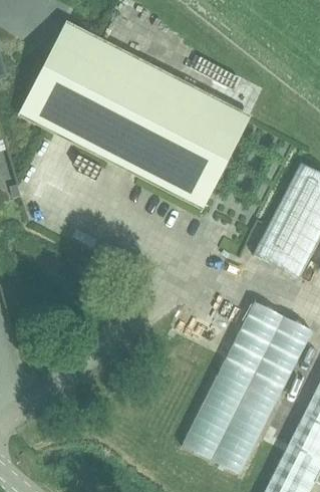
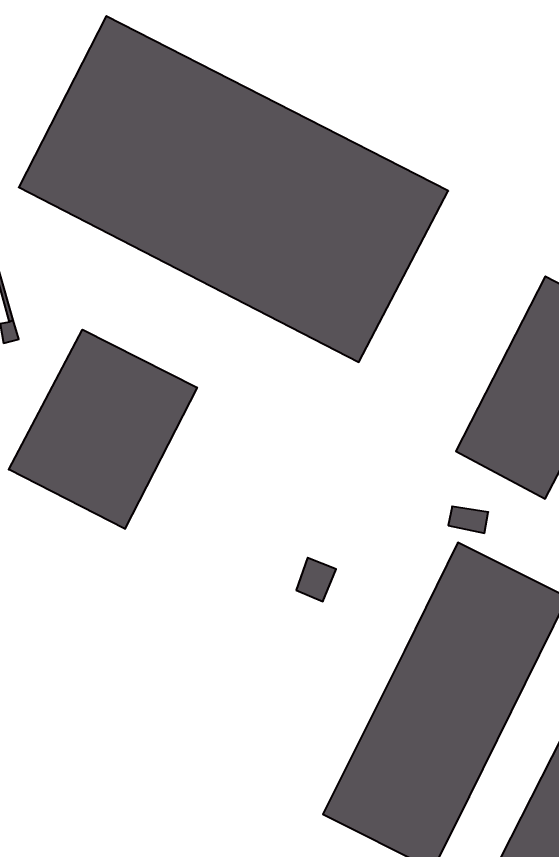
building: none -> [9,330,197,529]

